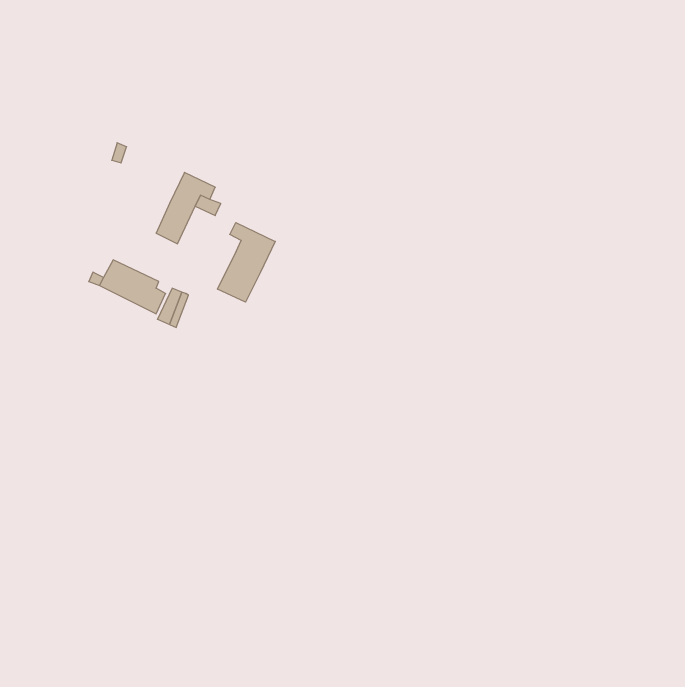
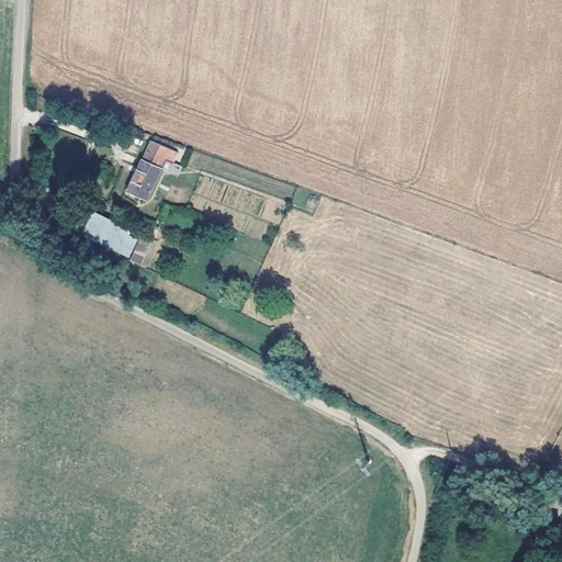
building: [218,223,275,302] -> none

